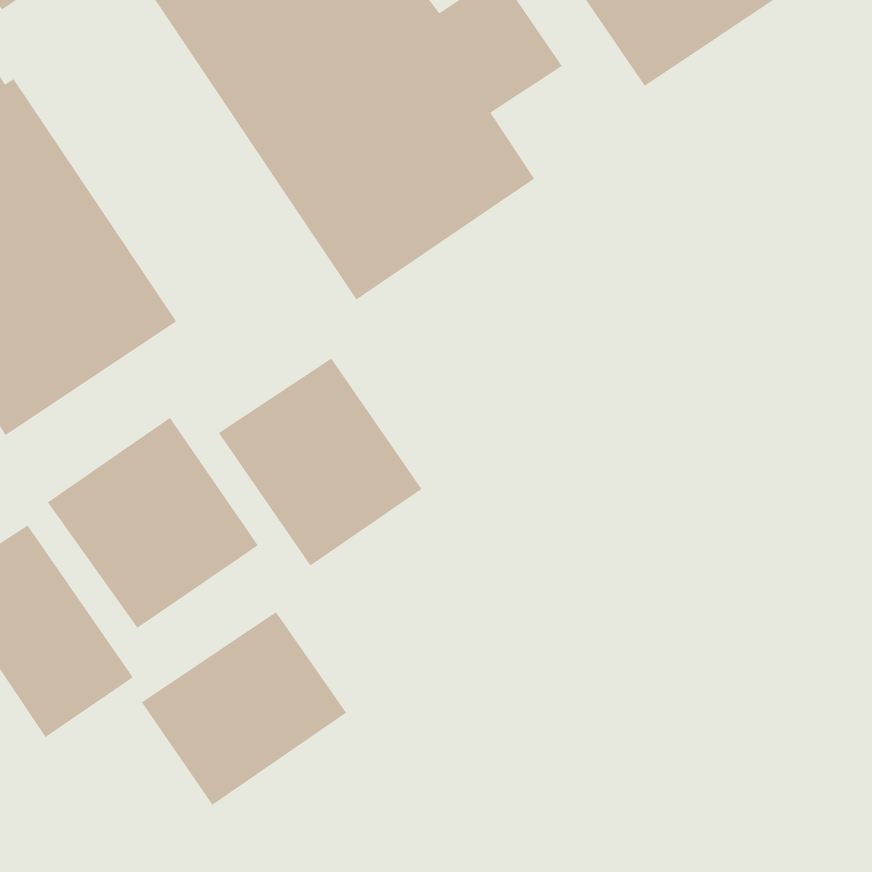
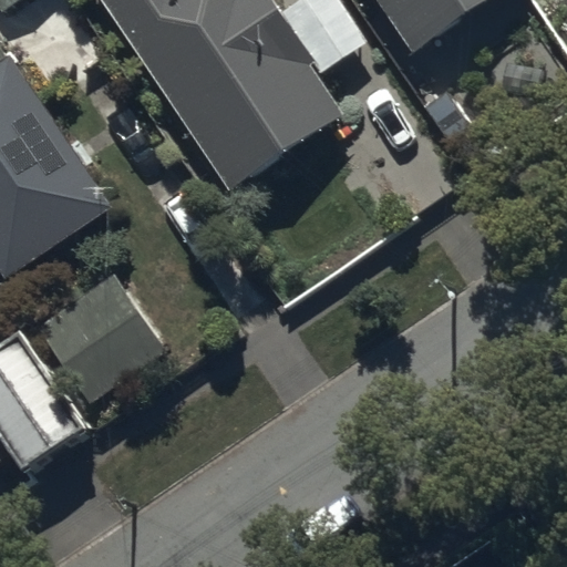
building: [218,358,423,567] -> none
building: [141,611,347,806] -> none

